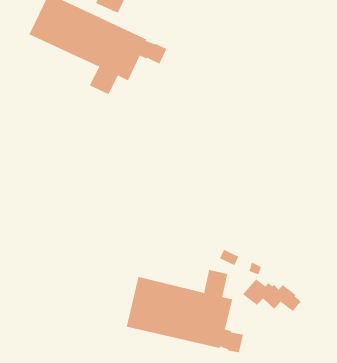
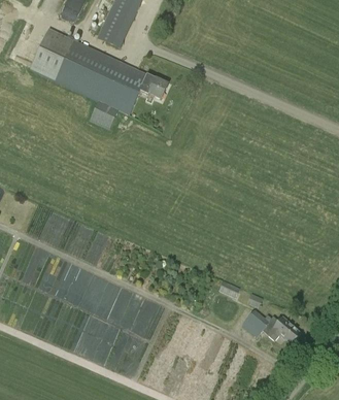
building: [126,269,244,353] -> none

